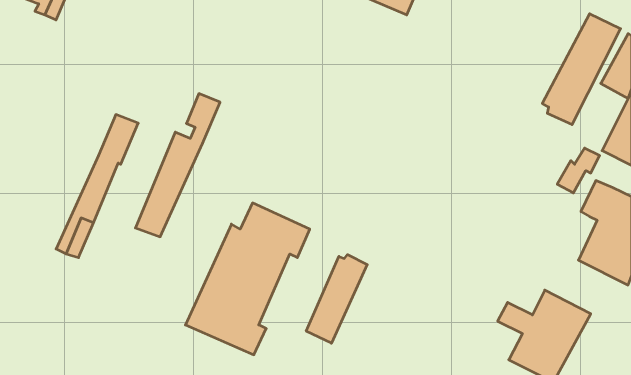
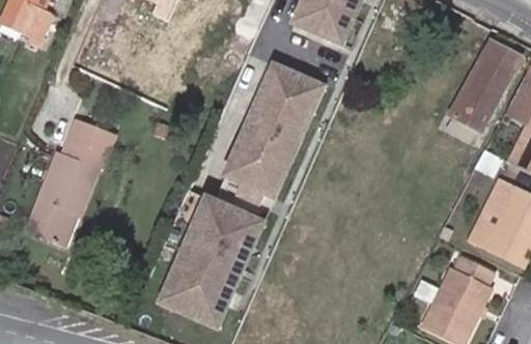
building: none -> [222,64,313,201]
building: [135,94,220,237] -> [27,118,97,237]
building: [306,255,367,343] -> none

